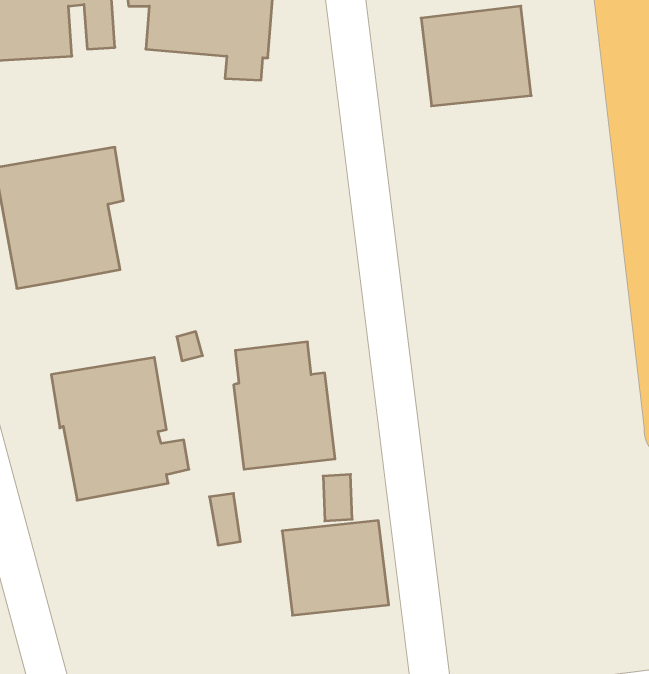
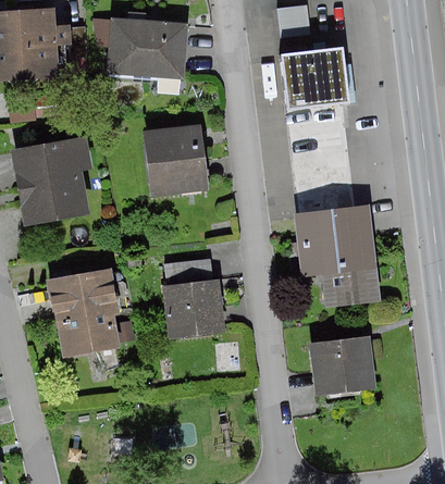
building: none -> [141,124,208,197]
building: none -> [293,204,380,308]
building: [282,521,389,615] -> [308,336,375,396]

